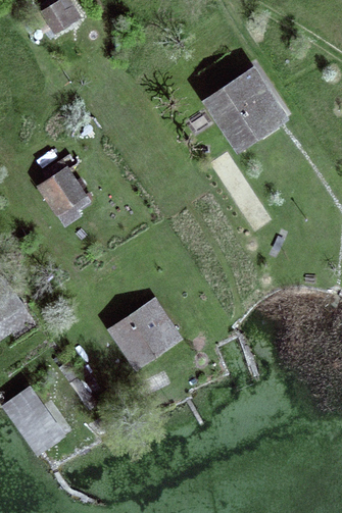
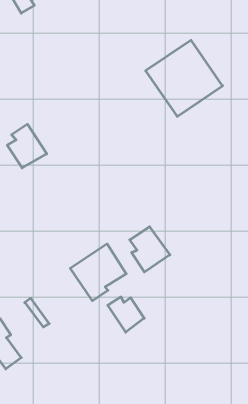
building: none -> [130,227,170,272]
building: none -> [108,297,144,332]

